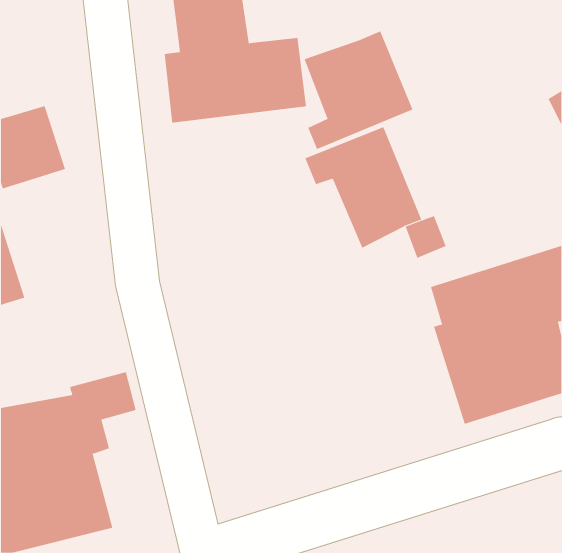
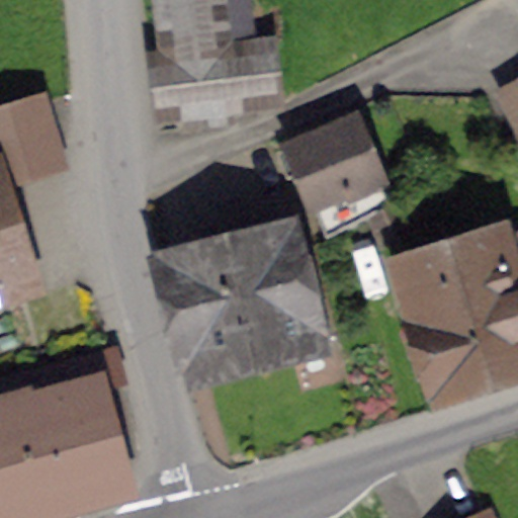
building: [304,30,413,150] -> none
building: none -> [167,224,331,359]

